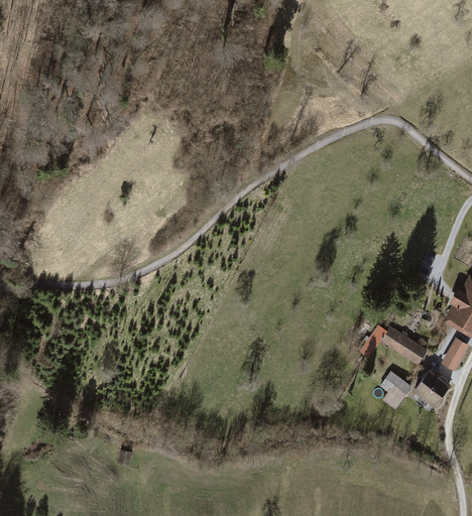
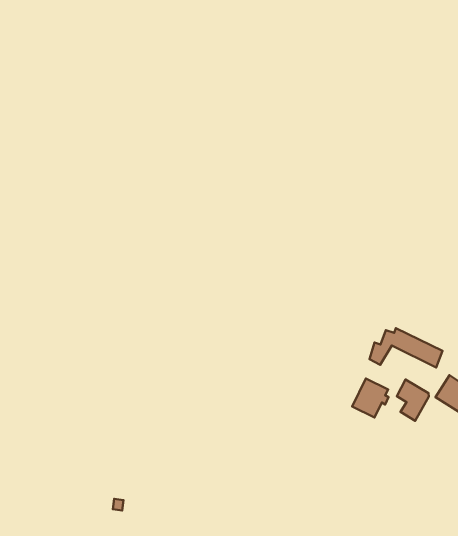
building: none -> [352,378,389,418]

